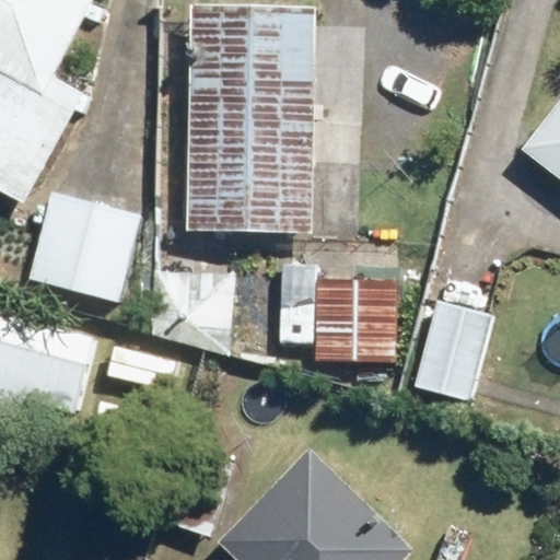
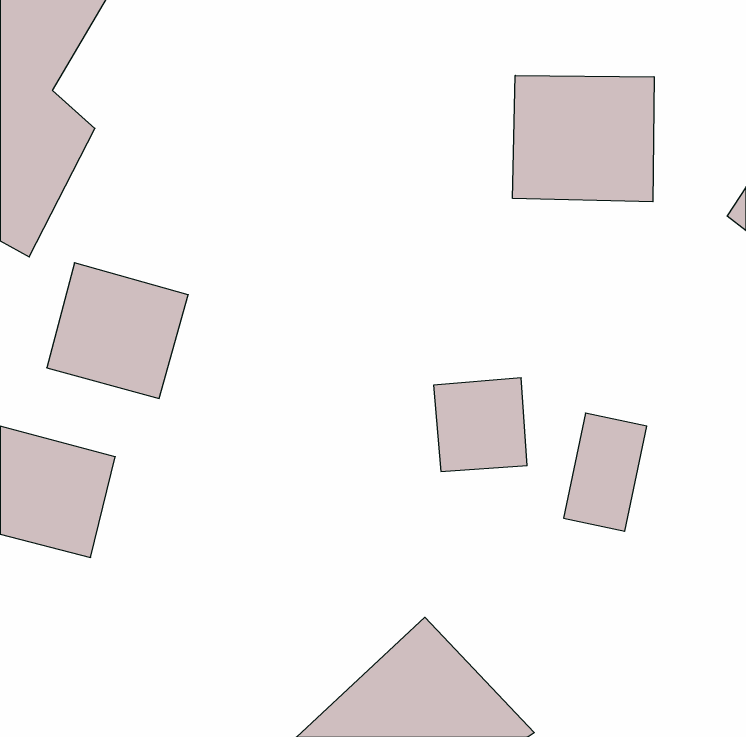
building: [200,16,303,230] -> none
building: none -> [513,75,654,202]

